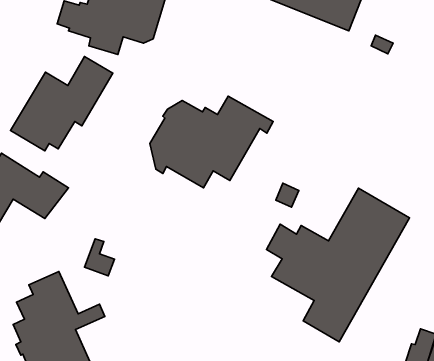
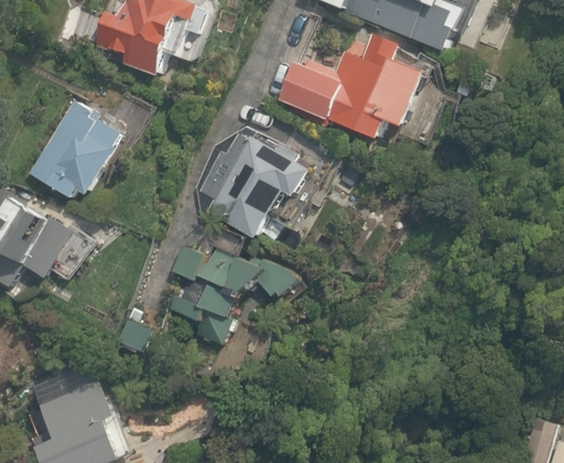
building: none -> [276,31,437,141]
building: [266,188,410,342] -> none
building: none -> [170,247,299,344]

